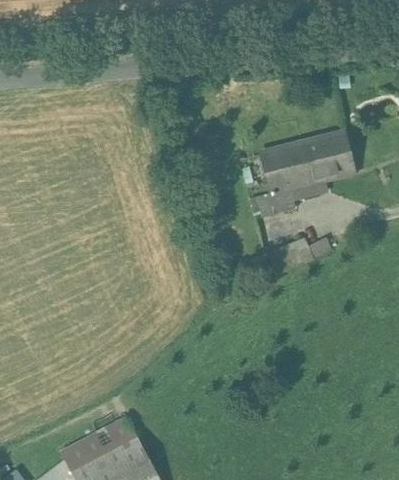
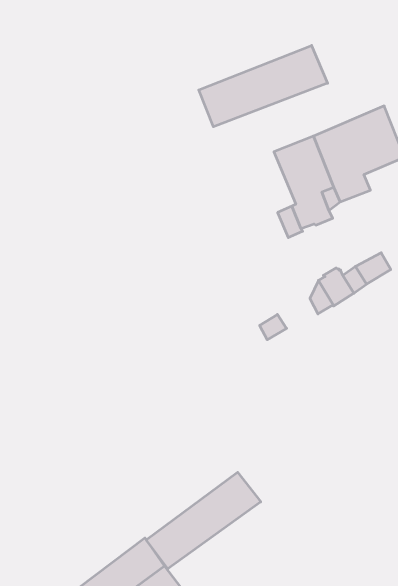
building: none -> [199,45,328,127]
building: none -> [146,472,261,569]

